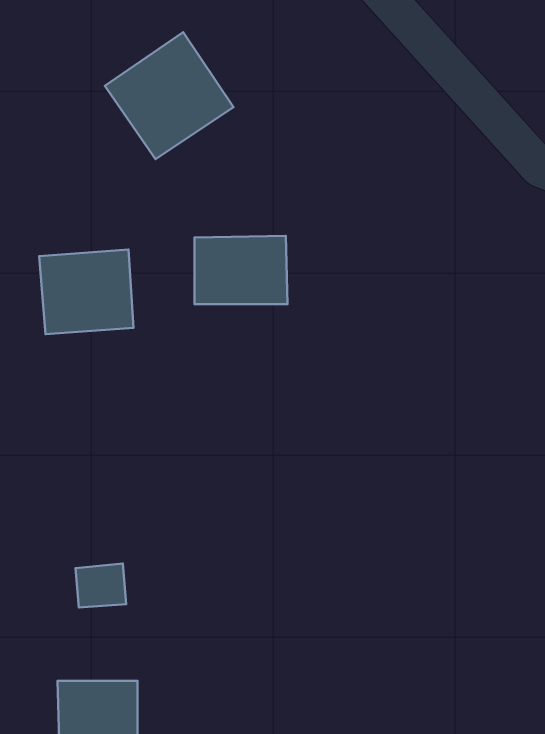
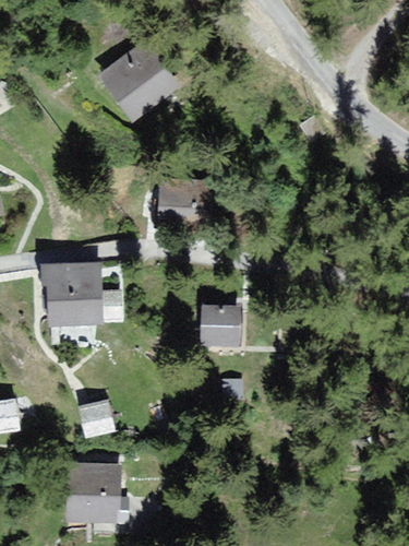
building: [39,250,134,334] -> [35,262,98,319]
building: none -> [206,302,249,345]

